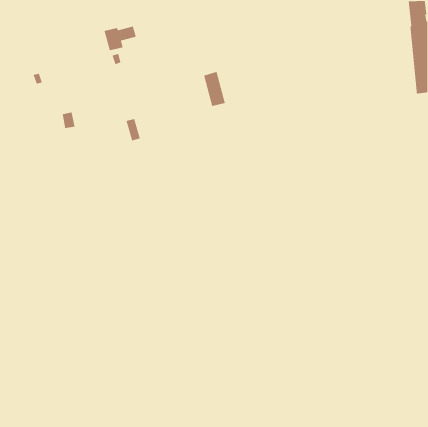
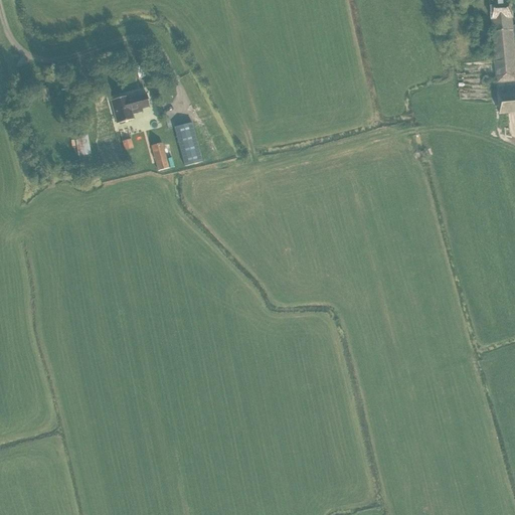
building: [103,25,137,51] -> [110,92,150,123]
building: [203,71,226,107] -> [175,122,202,165]

